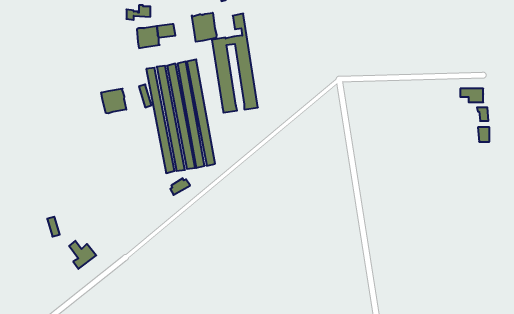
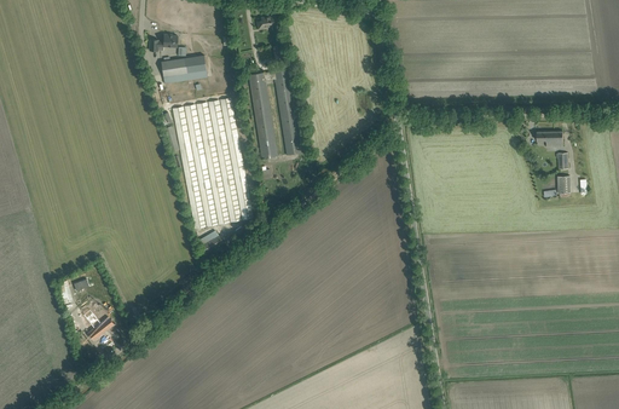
building: [192,13,217,42] -> none
building: [101,89,126,113] -> none

